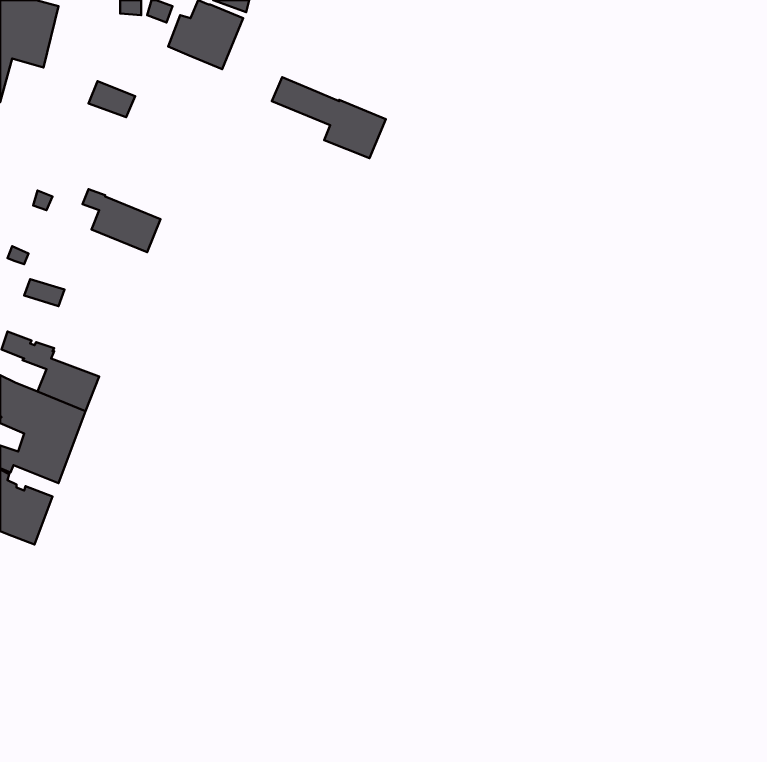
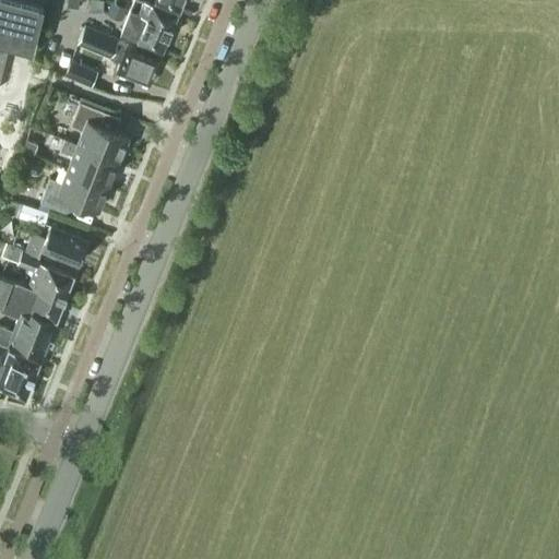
building: [272,77,386,158] -> [78,27,160,86]
building: none -> [70,104,127,163]
building: none -> [39,170,107,213]
building: none -> [26,227,86,265]

